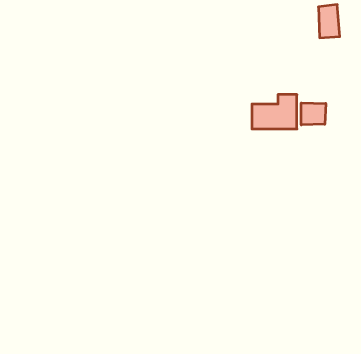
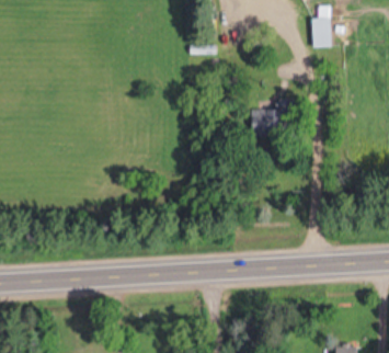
building: [301,103,326,125] -> none

